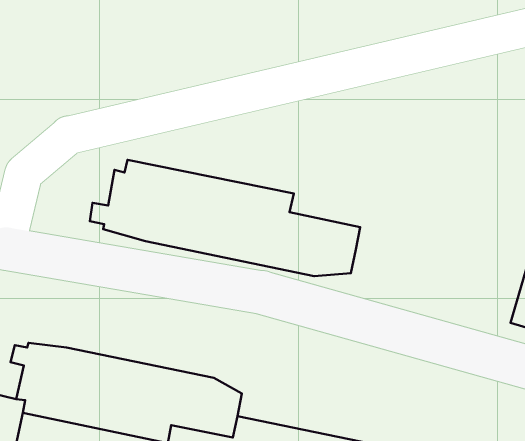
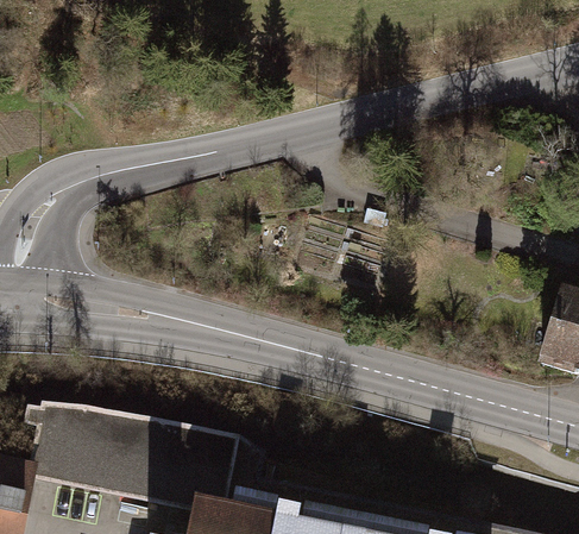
building: [90,160,360,276] -> none

